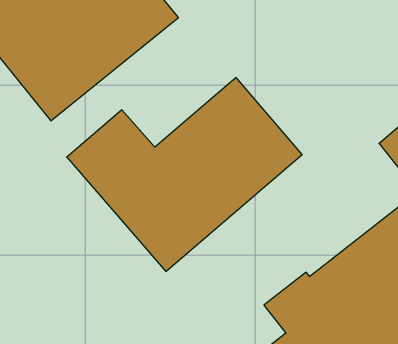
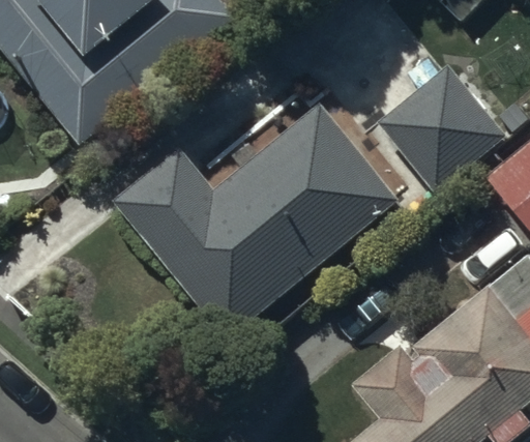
building: none -> [376,62,505,190]

